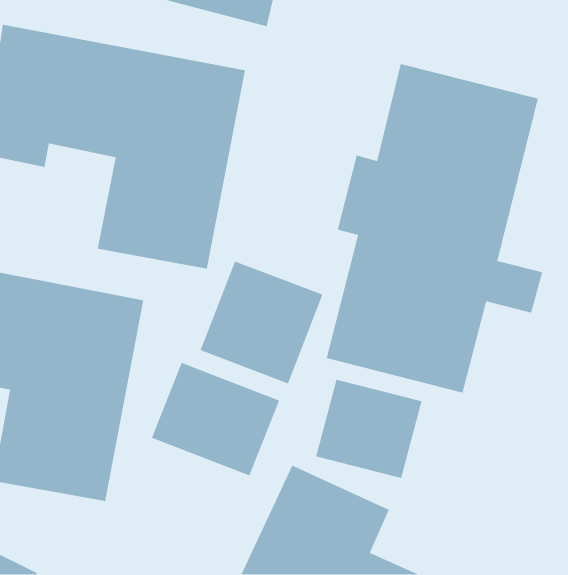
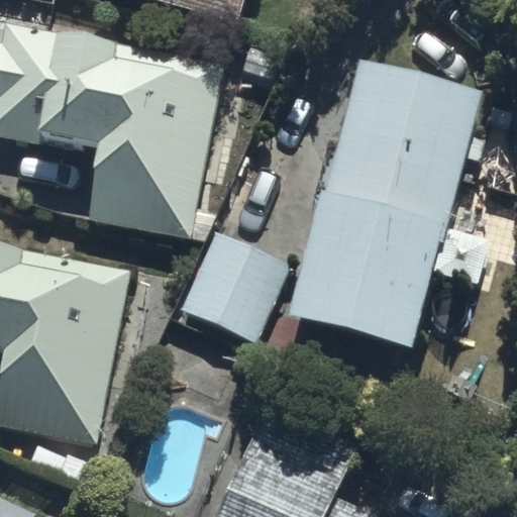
building: [151,362,280,476] -> none
building: [315,379,422,479] -> none

